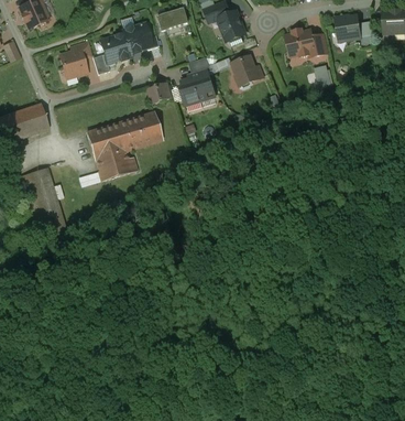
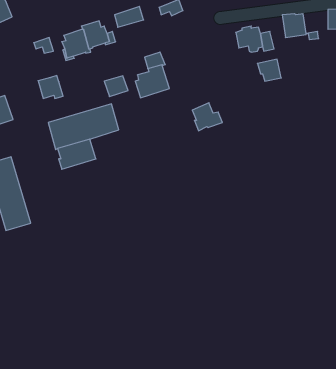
building: [218,10,245,41] -> none
building: [61,51,87,75] -> [38,76,63,98]
building: [232,55,264,85] -> [192,103,222,131]

